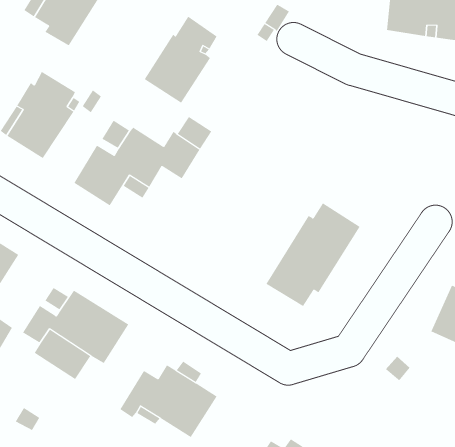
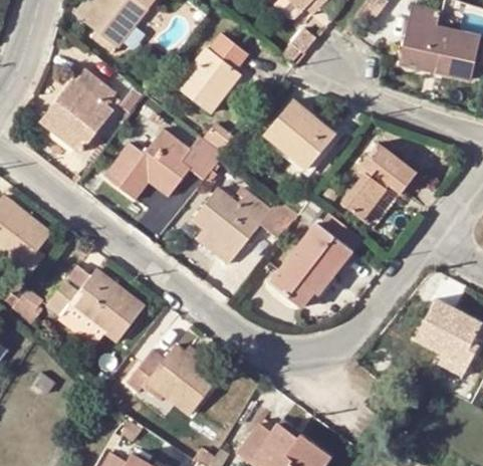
building: none -> [267,101,335,168]
building: none -> [342,145,416,220]
building: none -> [194,189,296,263]

